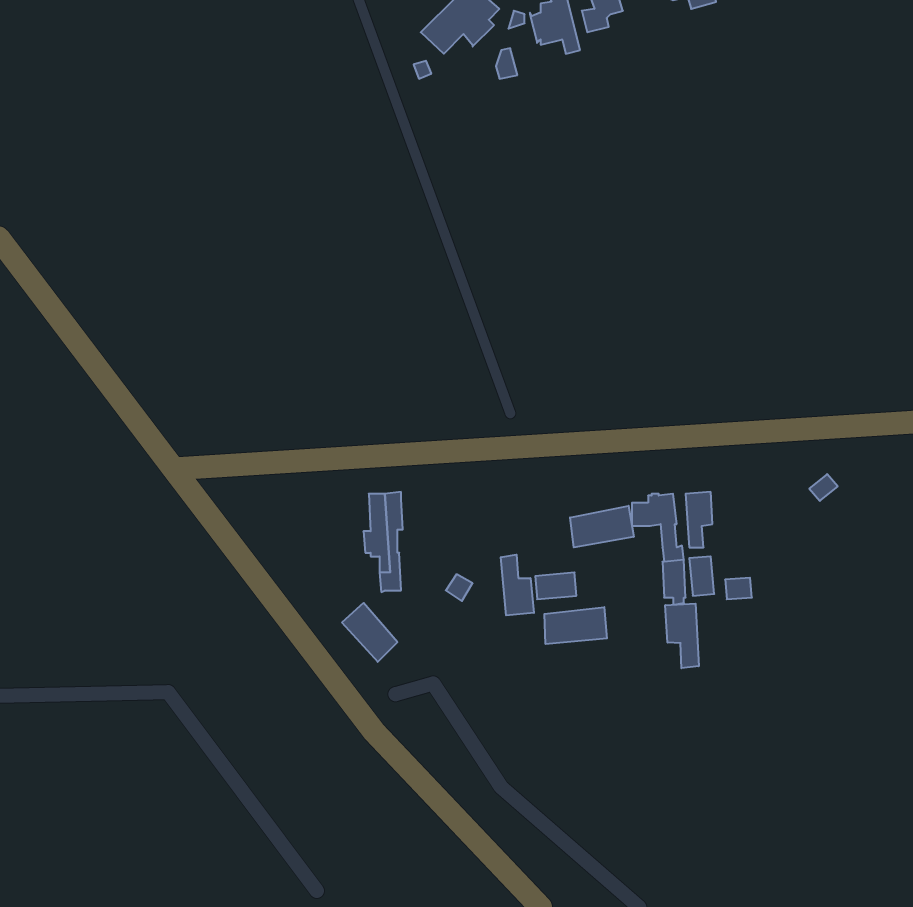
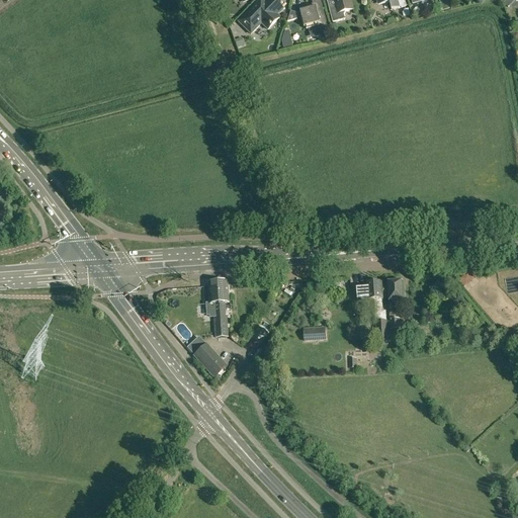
building: [570,506,634,547] -> none
building: [501,555,534,615] -> none
building: [665,604,699,668] -> none
building: [544,607,607,644] -> none

